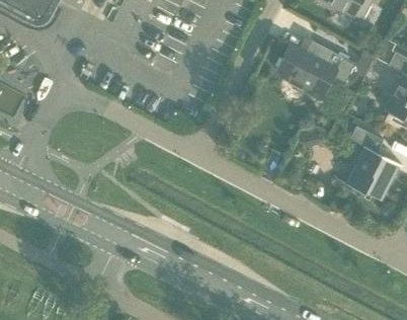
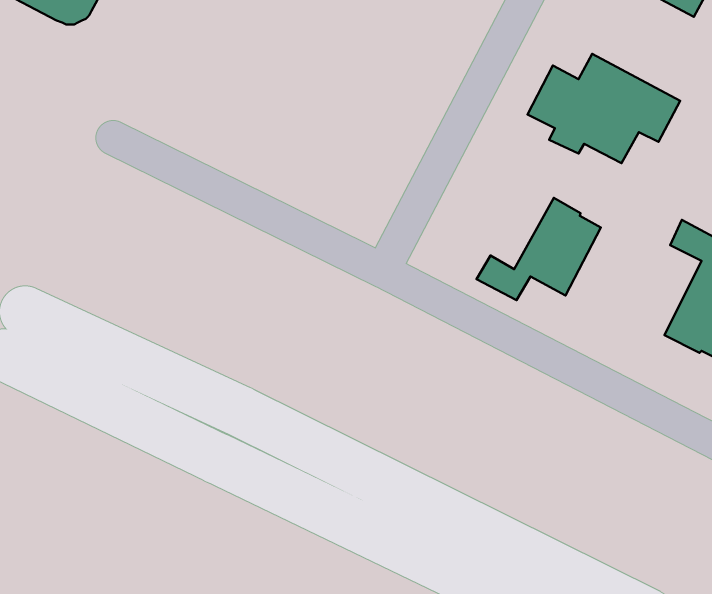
building: none -> [476,198,601,300]

